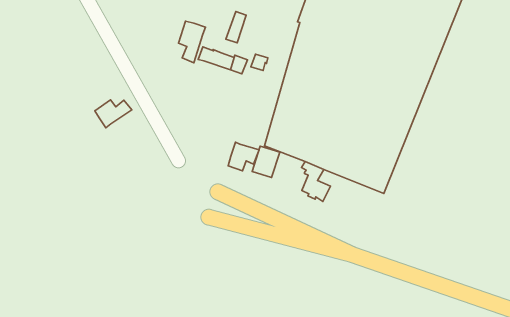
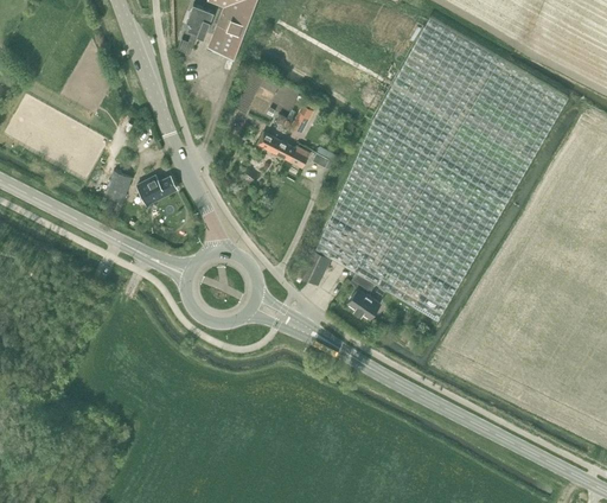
building: [178,21,206,63] -> none
building: none -> [103,172,132,204]
building: [228,142,259,171] -> none

